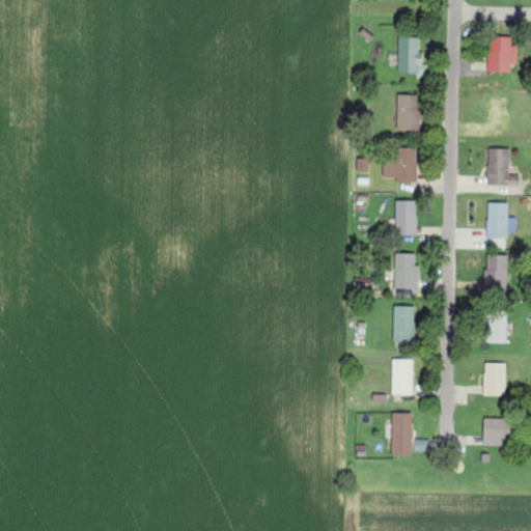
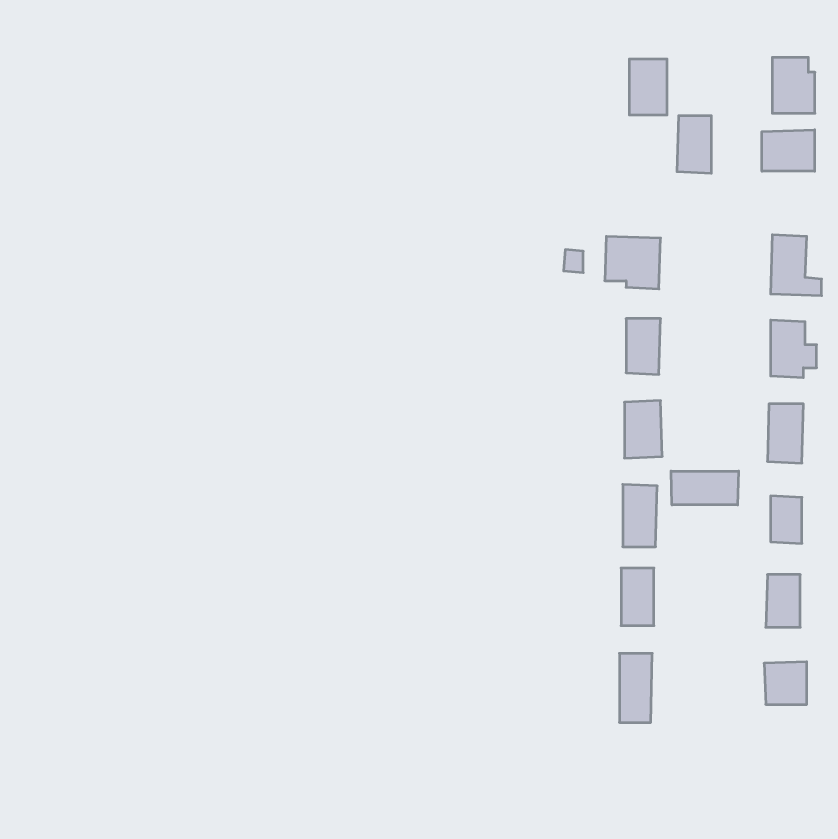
building: none -> [762,130,815,171]
building: [396,94,418,131] -> [677,116,711,173]
building: none -> [671,471,739,505]

